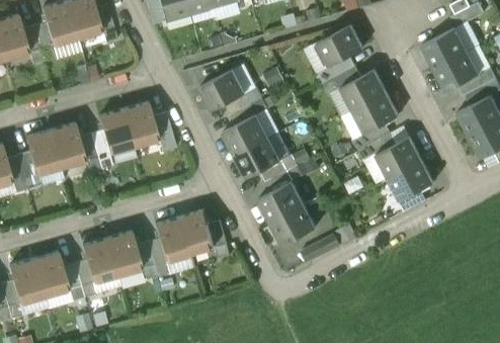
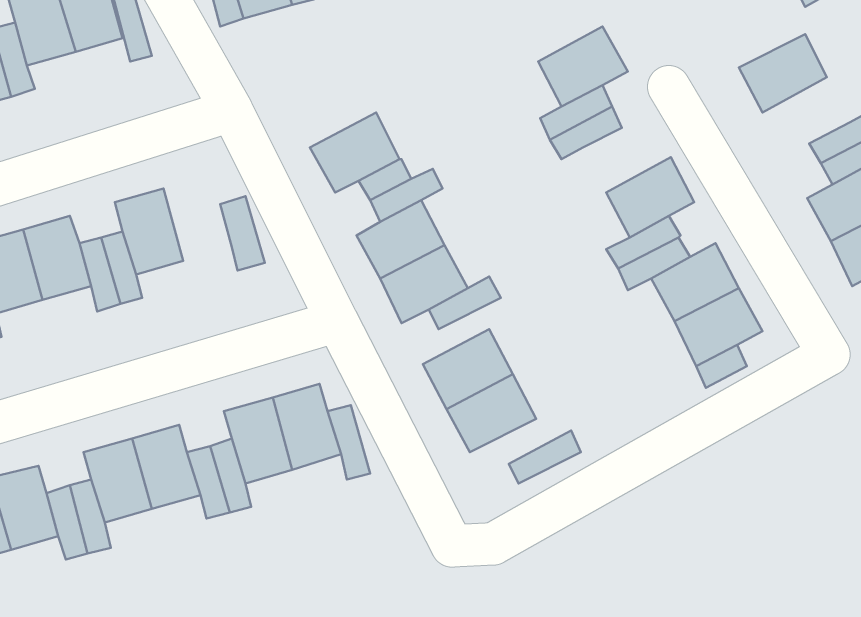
building: [433,52,479,92] -> none
building: [340,71,386,111] -> none
building: [122,102,158,147] -> none

